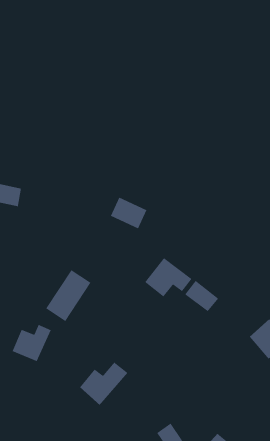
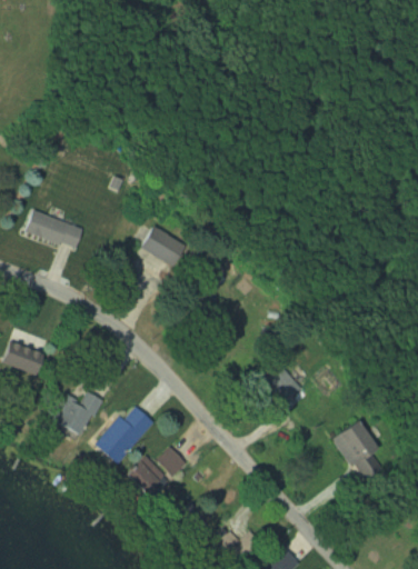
building: [110,196,147,229] -> [141,224,187,267]
building: [144,257,193,298] -> none
building: [45,269,91,322] -> [93,403,152,466]

